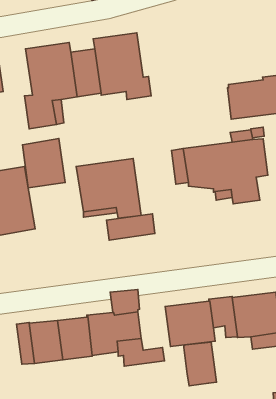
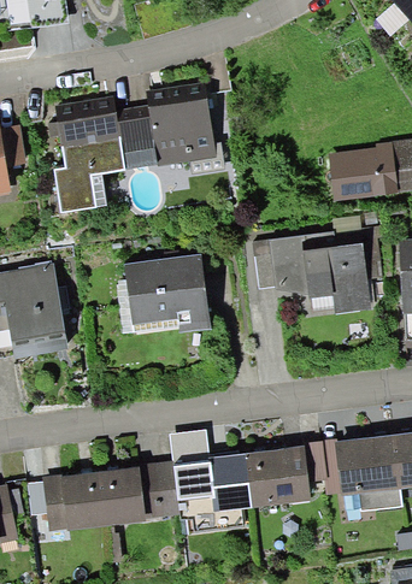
building: [22,138,65,188] -> none
building: [106,214,155,240] -> none
building: [184,342,217,386] -> [206,453,251,512]

